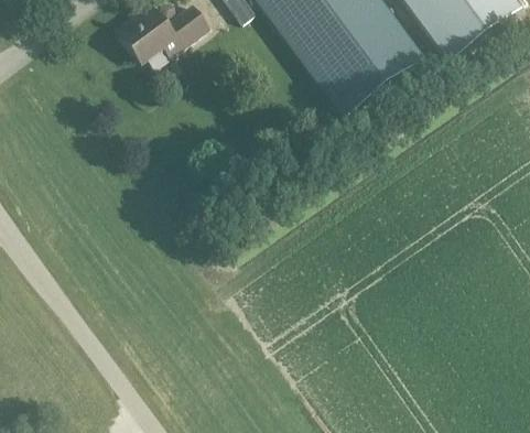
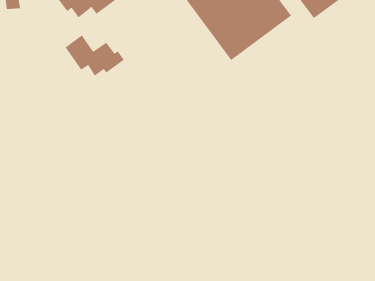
building: none -> [65,35,124,76]

